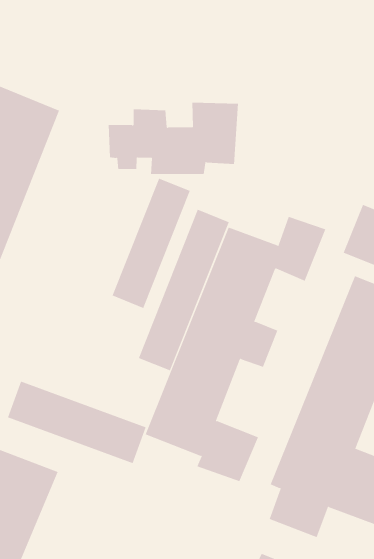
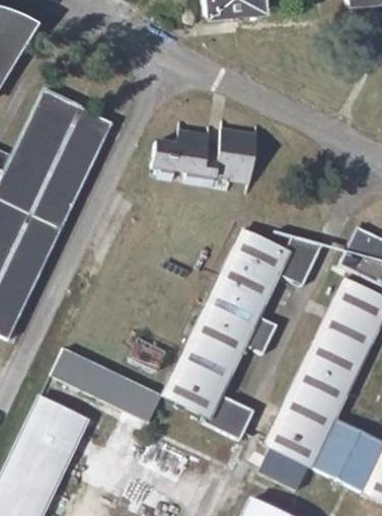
building: [112,178,190,309] -> none
building: [138,209,229,371] -> none

